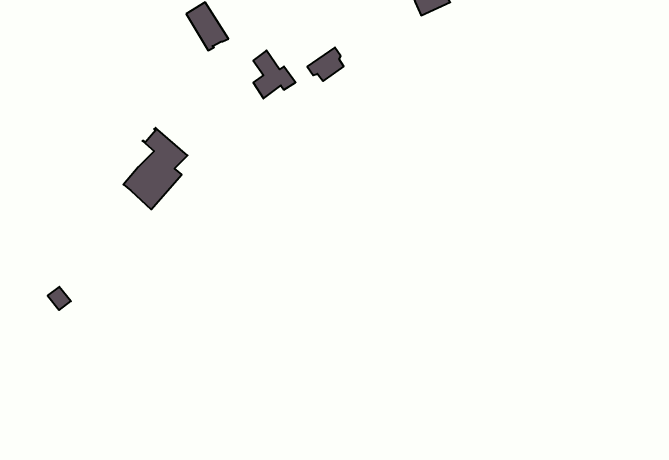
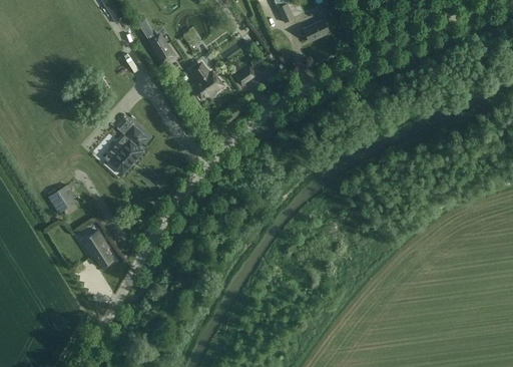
building: none -> [49,185,77,212]
building: none -> [81,230,113,266]

